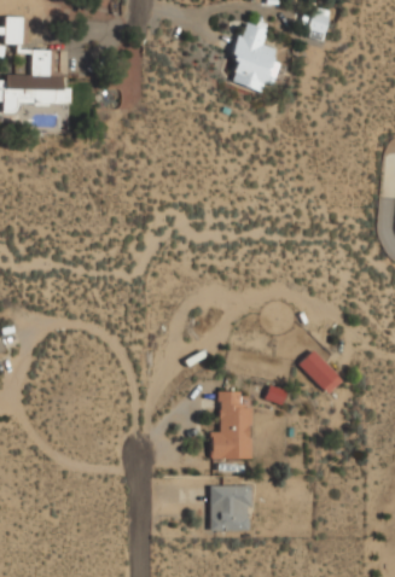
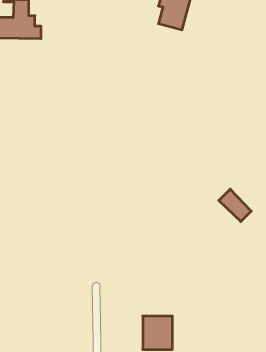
building: [300,349,344,394] -> [219,189,251,222]
building: [211,391,252,460] -> none

